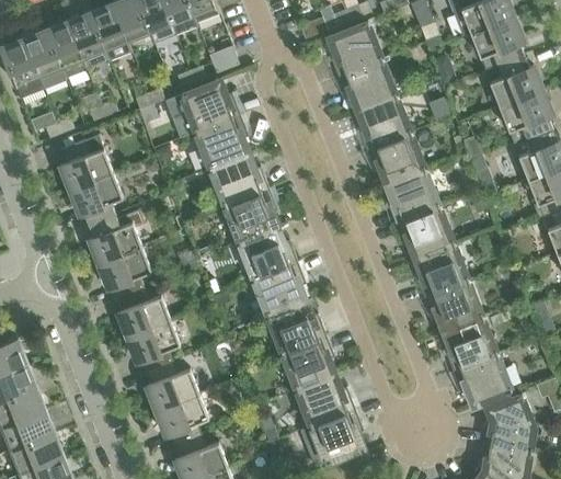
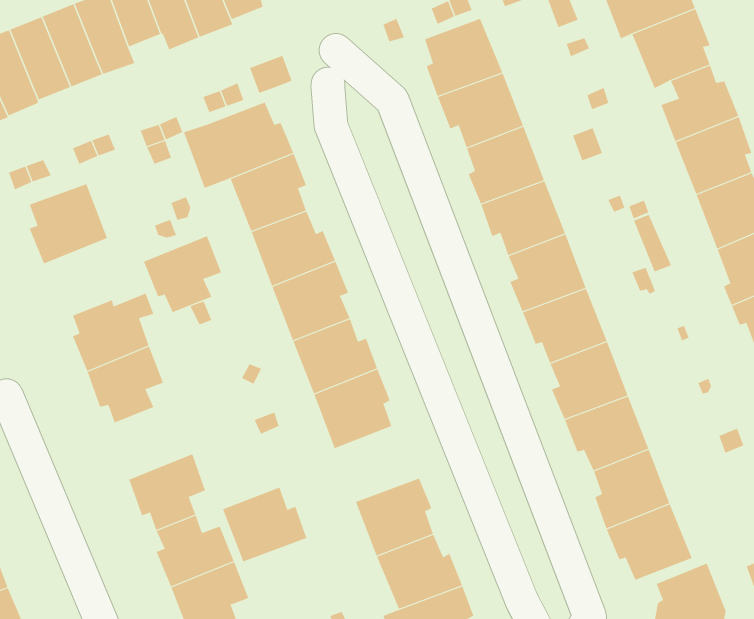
building: [68,172,122,225] -> [143,236,222,313]
building: [116,287,170,337] -> none
building: [266,300,324,352] -> [222,487,307,562]

